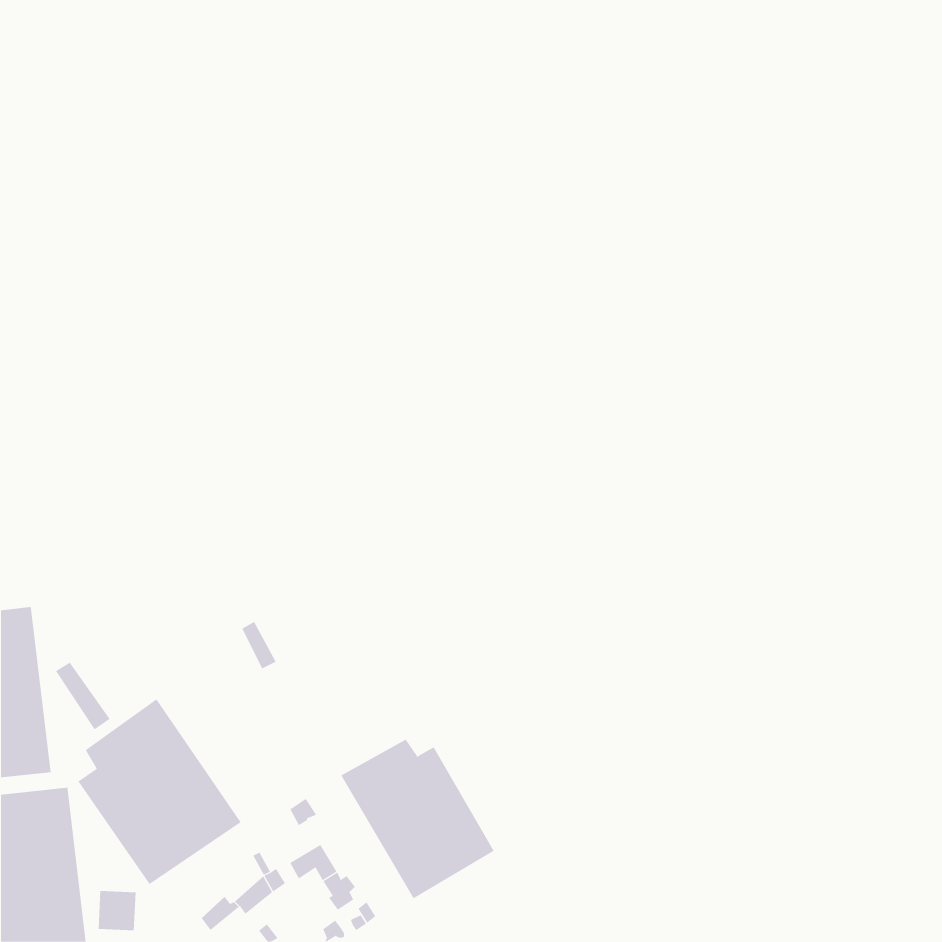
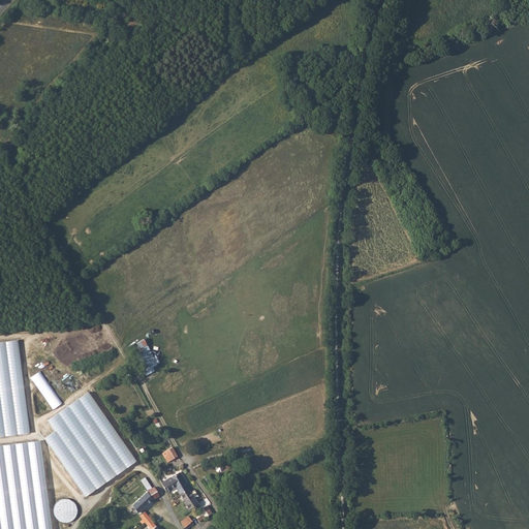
building: [341,739,495,899] -> none

